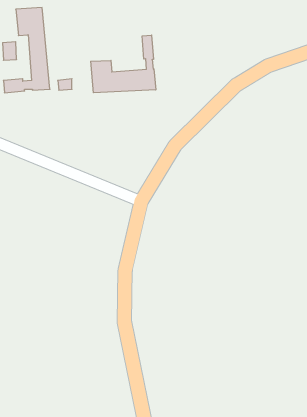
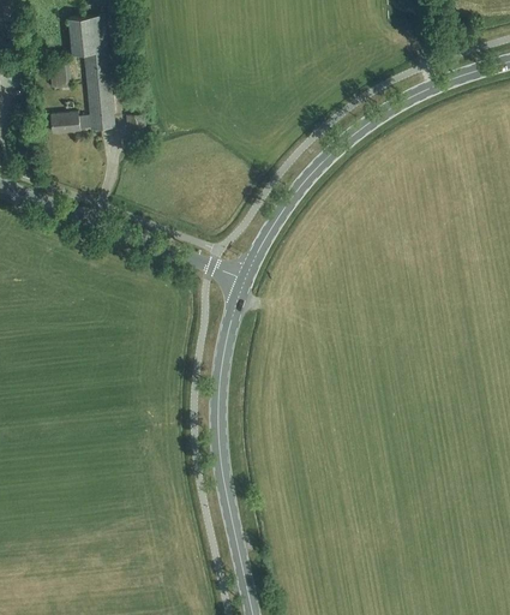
building: [91,35,156,93] -> none

